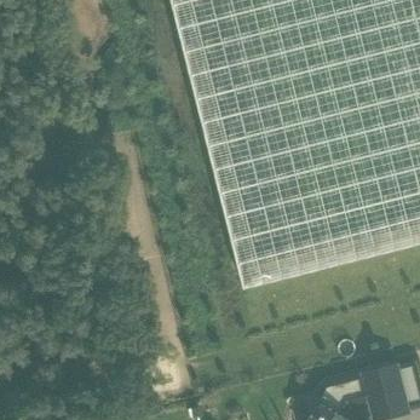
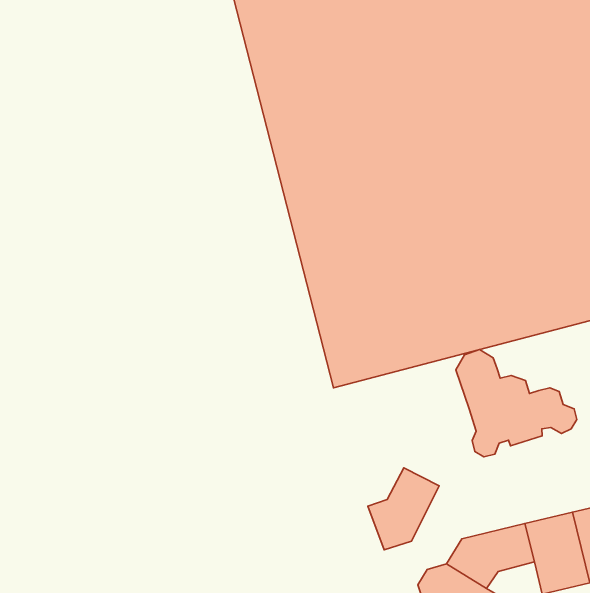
building: none -> [456,350,577,457]
building: none -> [368,468,439,550]

